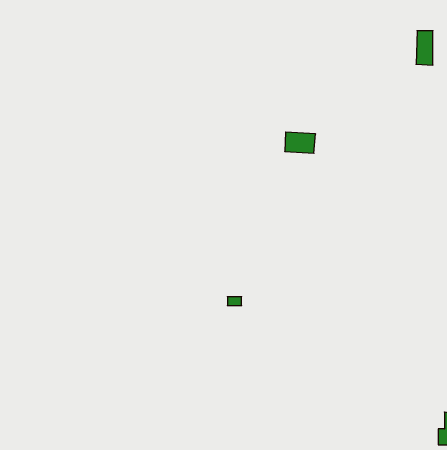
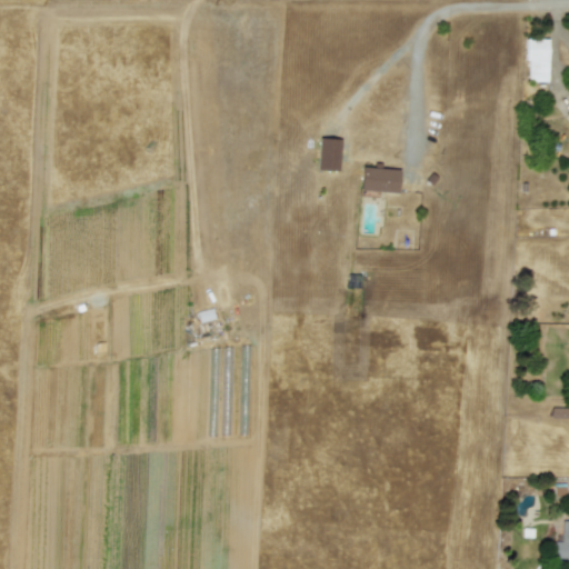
building: none -> [320,138,343,170]

